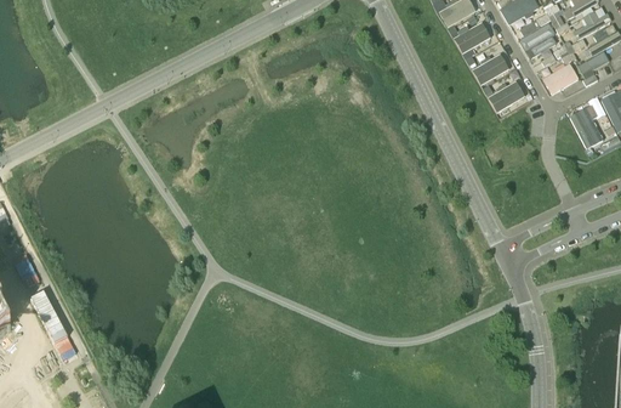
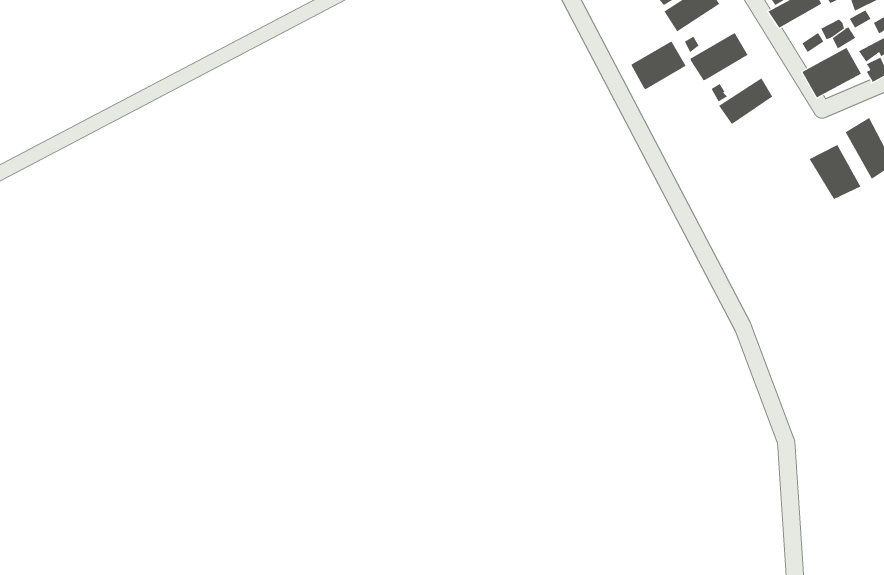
building: none -> [631,41,686,90]
building: none -> [809,144,861,200]

